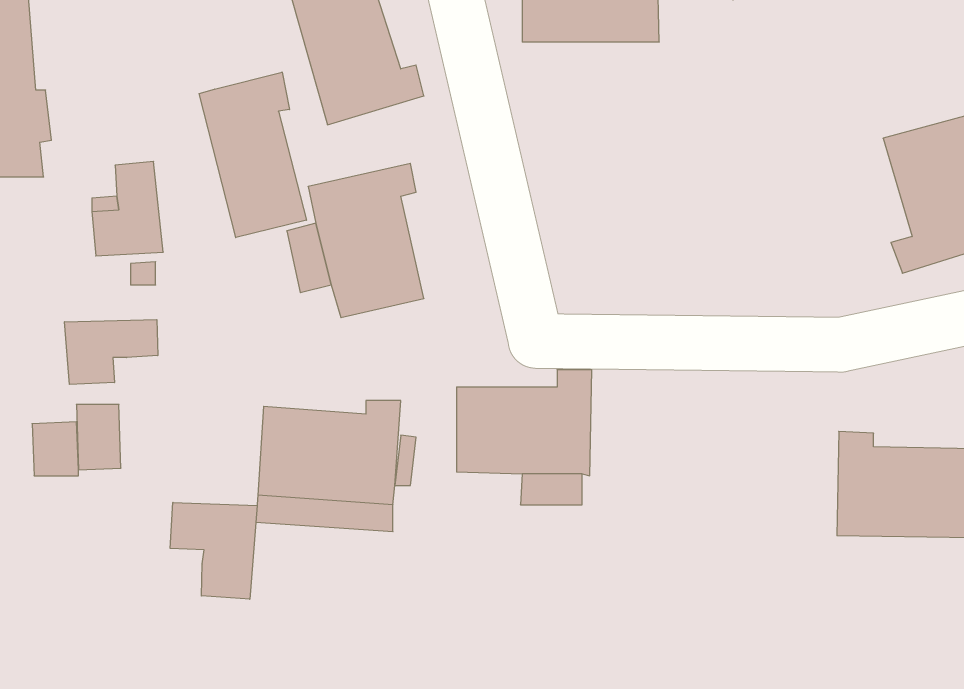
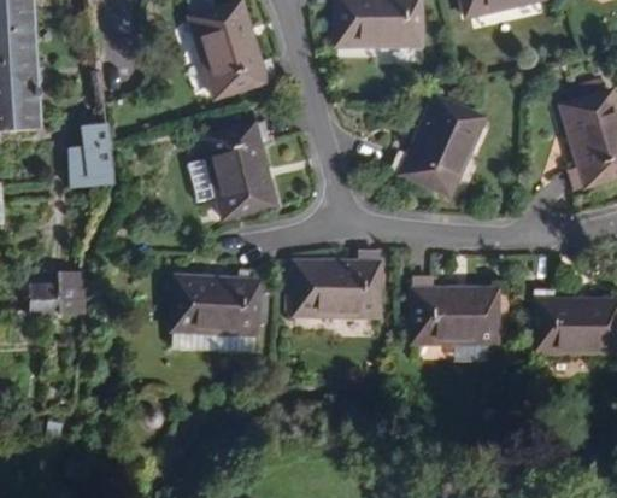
building: [199,72,306,238] -> none
building: none -> [392,96,484,194]
building: [65,320,158,384] -> none
building: none -> [412,277,498,342]
building: [170,502,257,599] -> none

